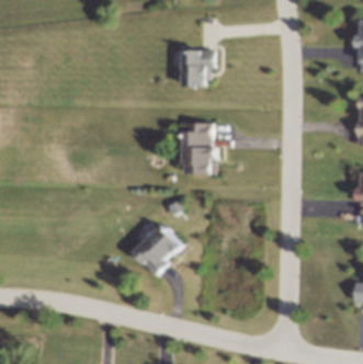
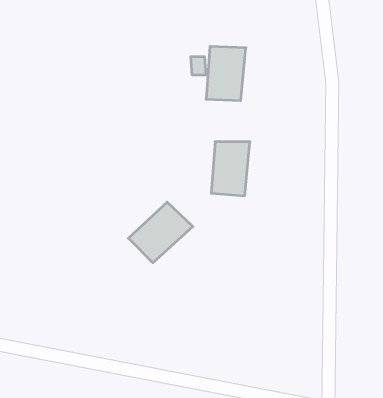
building: [132,224,186,275] -> [128,202,193,263]

